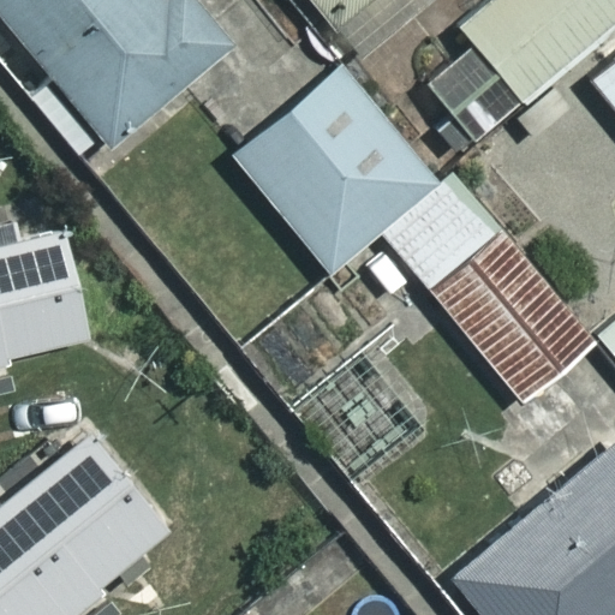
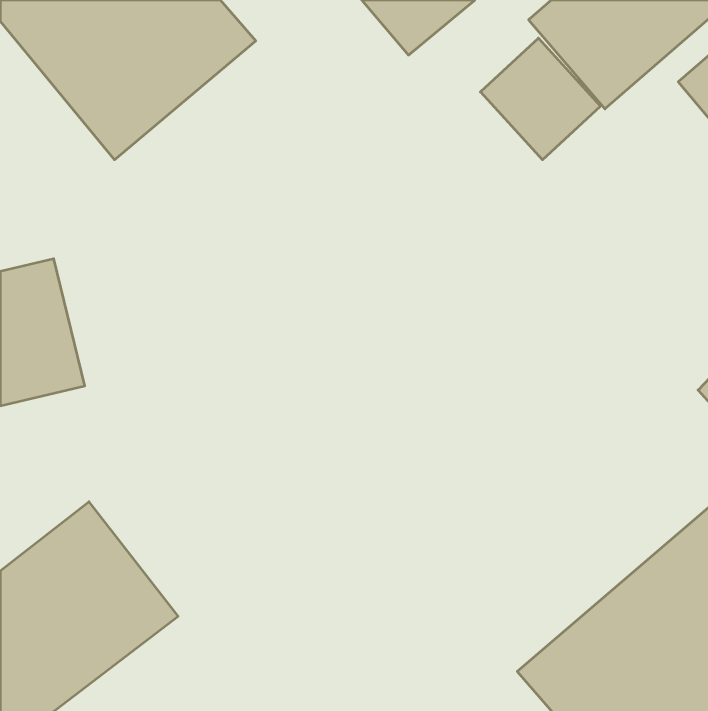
building: [233,65,438,273] -> none
building: [392,179,599,405] -> none

